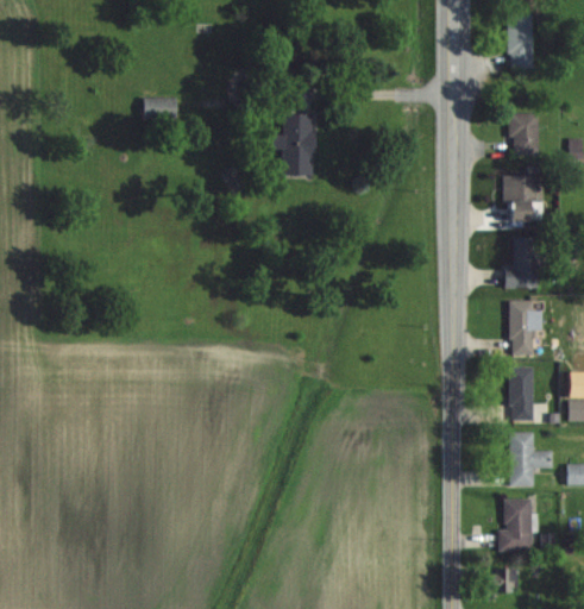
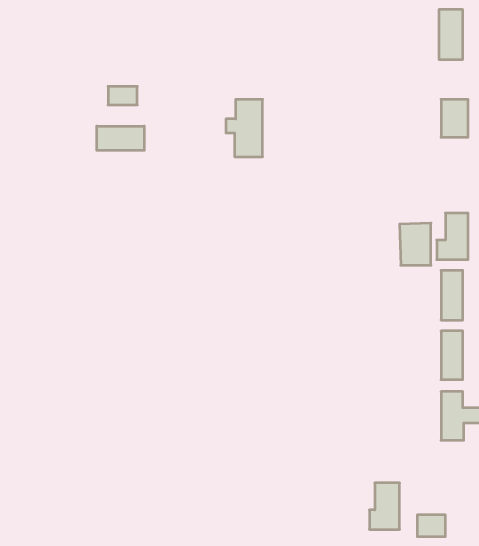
building: none -> [97,126,144,150]
building: [504,174,539,220] -> [400,223,431,265]
building: [498,498,532,550] -> [369,483,400,529]

